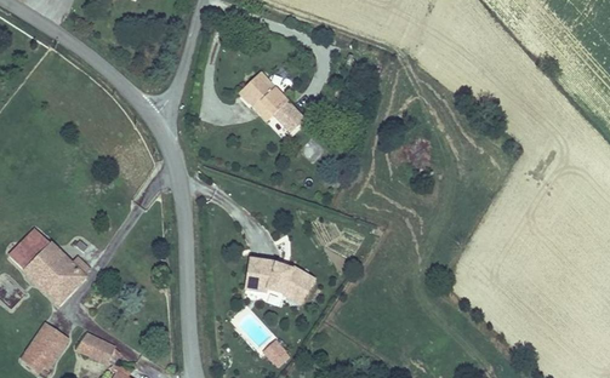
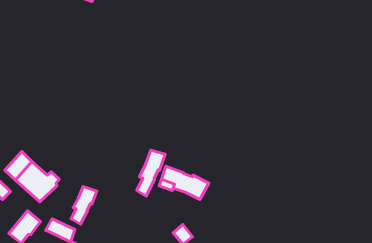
building: [234,75,300,136] -> none
building: none -> [137,150,165,196]
building: none -> [71,186,97,224]

